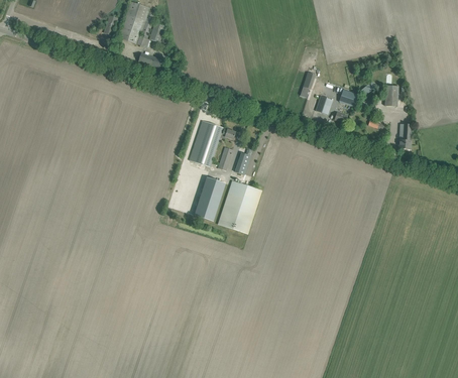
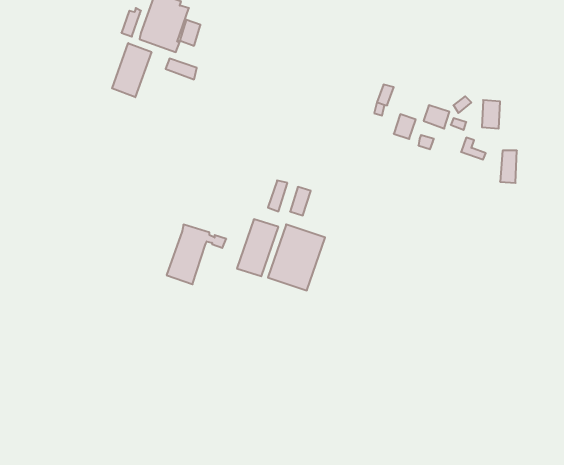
building: none -> [112,43,151,97]
building: [189,120,235,166] -> [167,225,226,284]

